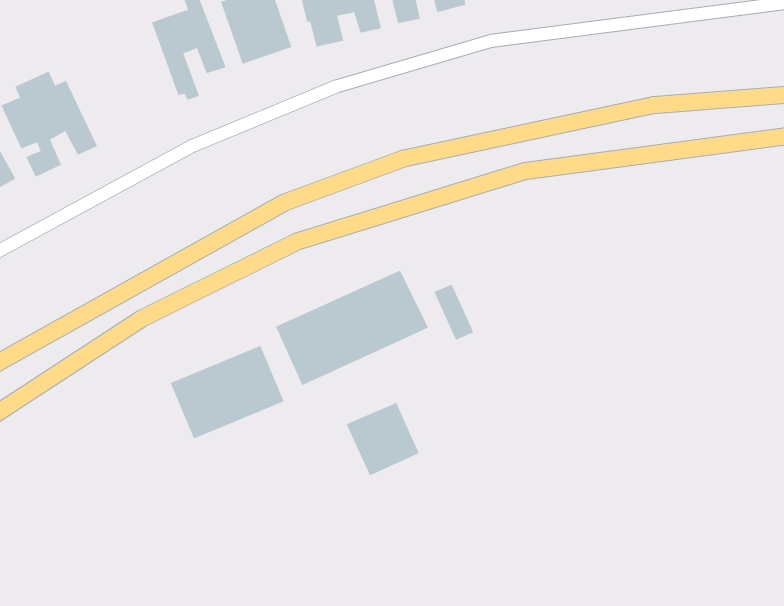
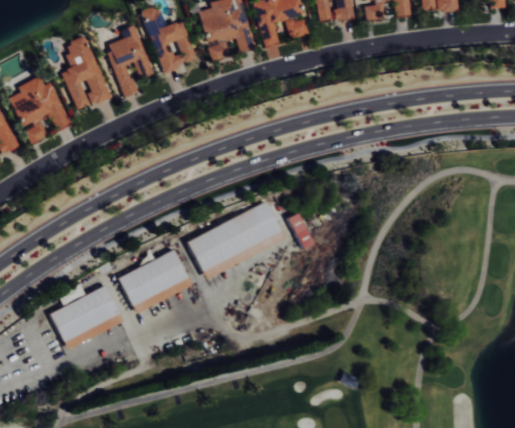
building: none -> [62,35,111,110]
building: none -> [49,286,123,349]
building: [346,402,419,476] -> none

